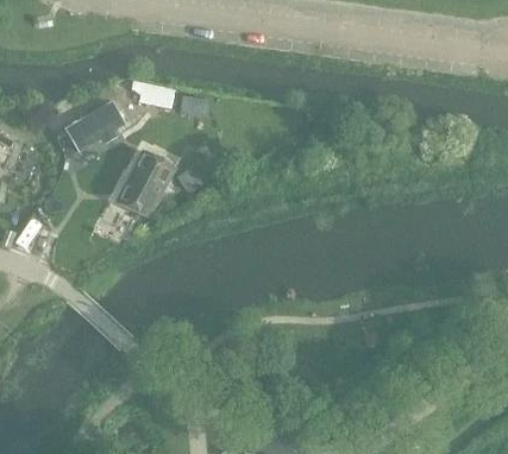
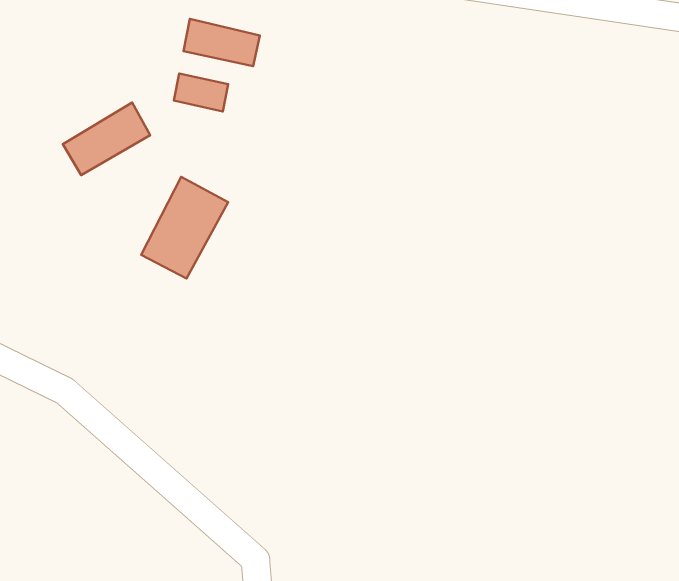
building: none -> [184,19,260,66]

